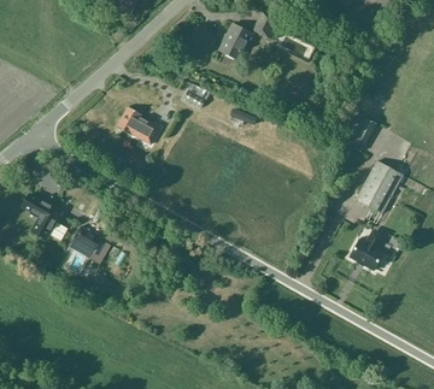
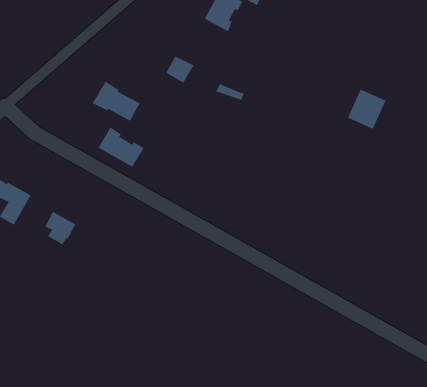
building: none -> [98,126,145,167]
building: [356,161,403,214] -> none
building: [350,232,383,271] -> none

